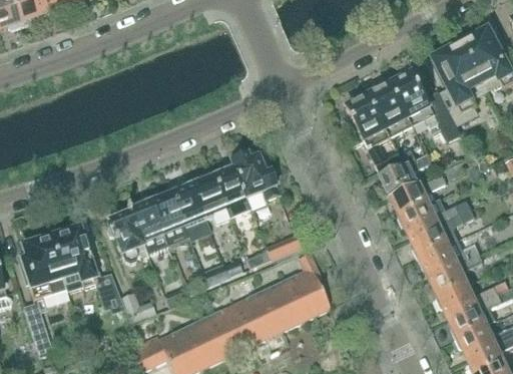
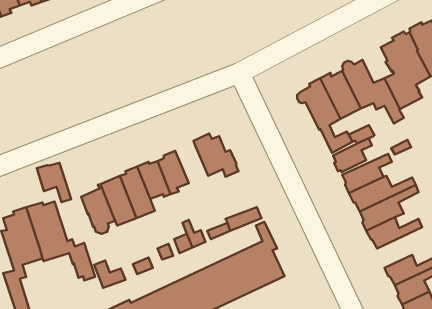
building: [210,165,250,217] -> none
building: none -> [37,163,71,202]
building: [431,255,484,299] -> none

